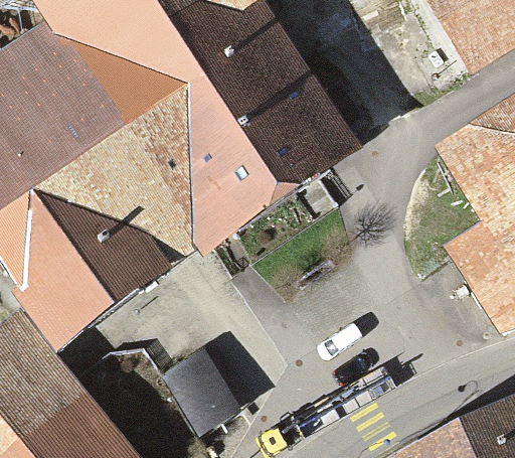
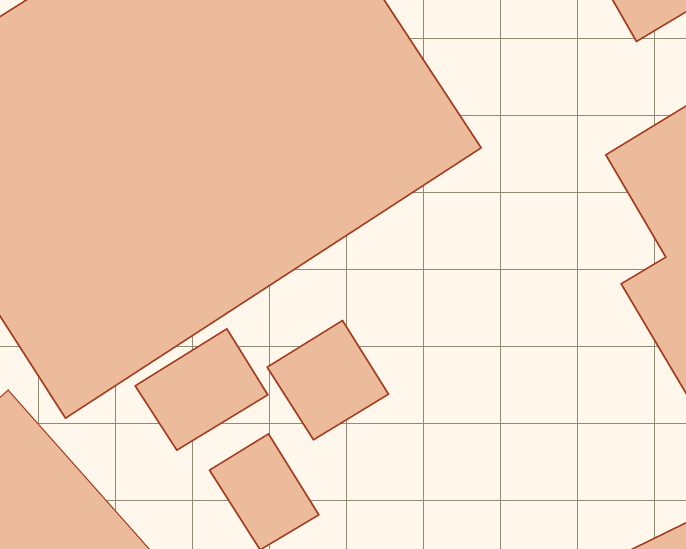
building: none -> [267,320,388,440]
building: none -> [135,329,268,450]

